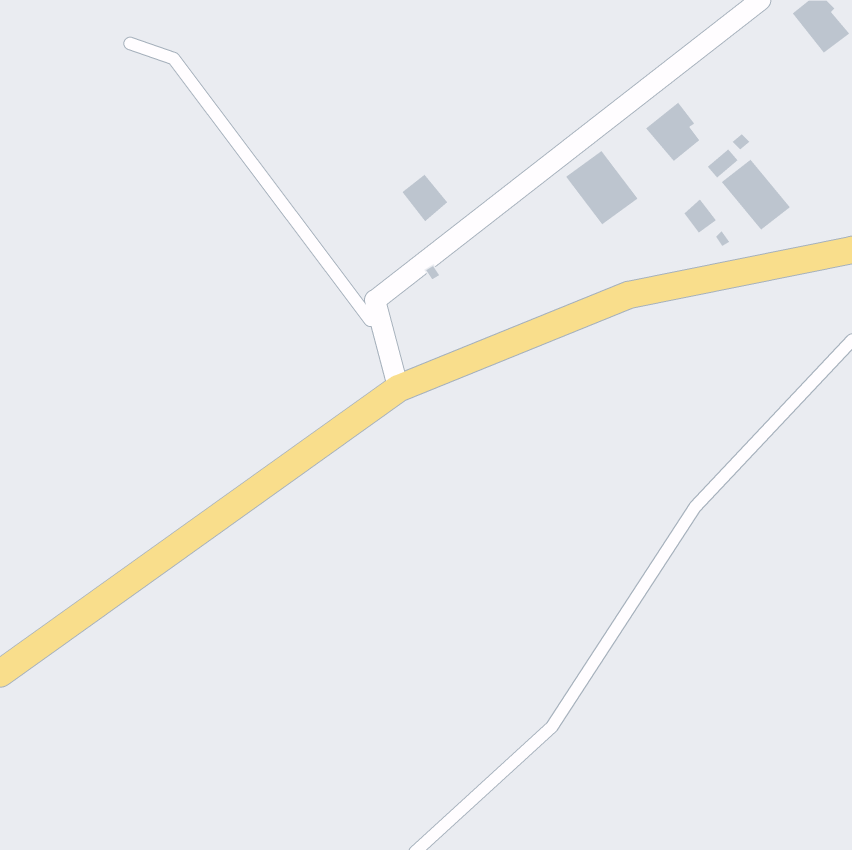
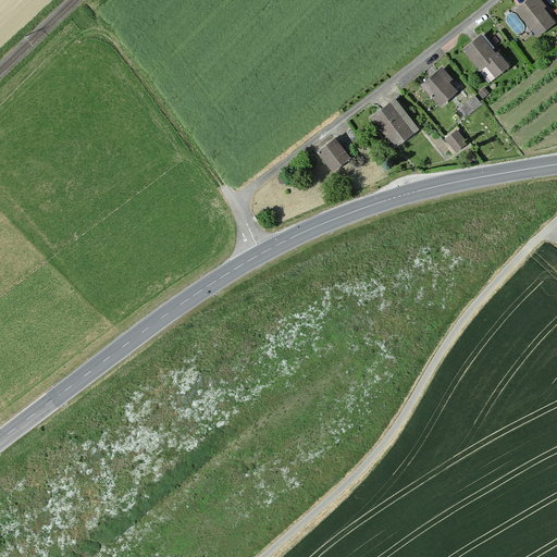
building: [721,159,791,231] -> [461,33,507,79]
building: [401,174,448,222] -> [319,137,349,169]

